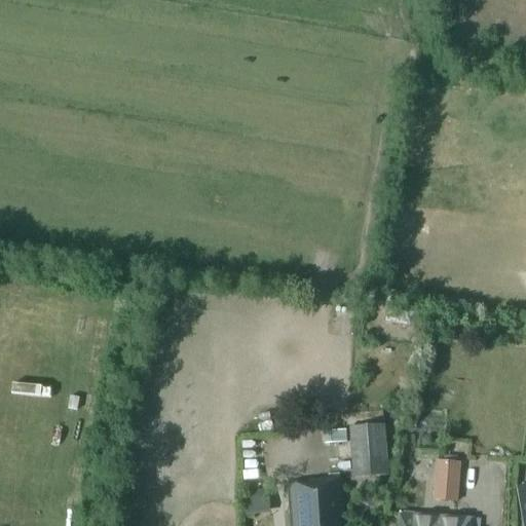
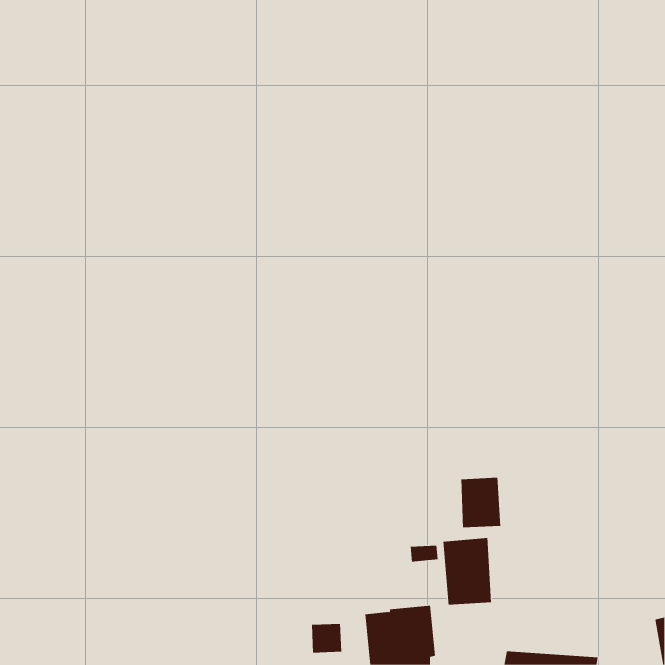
building: none -> [461,477,501,528]
building: [435,462,459,501] -> none

